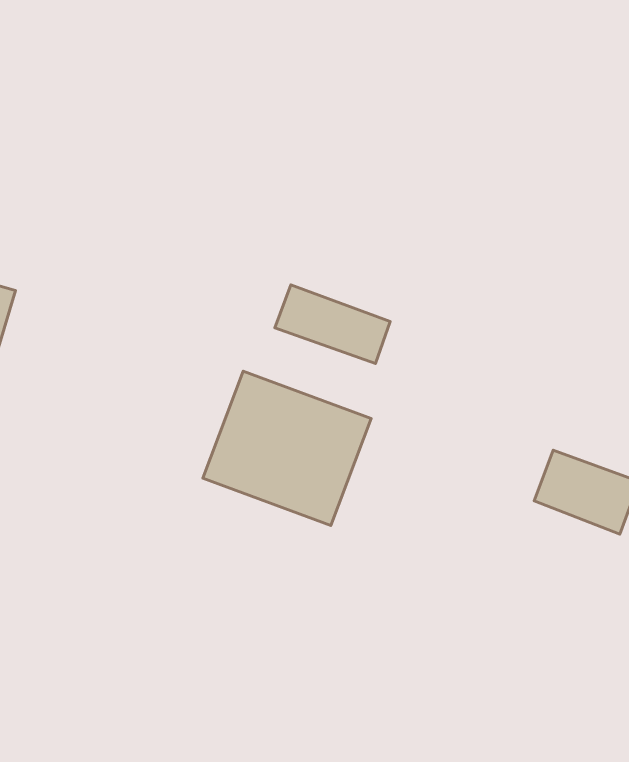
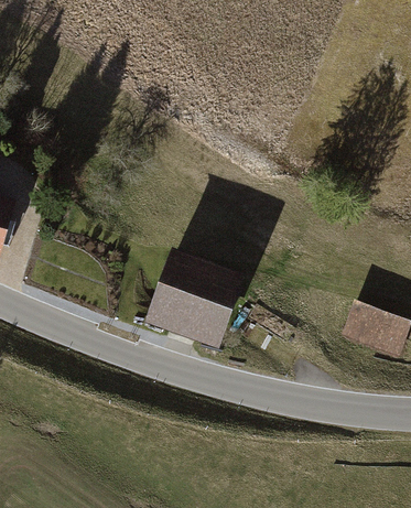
building: [275,285,390,364] -> none

